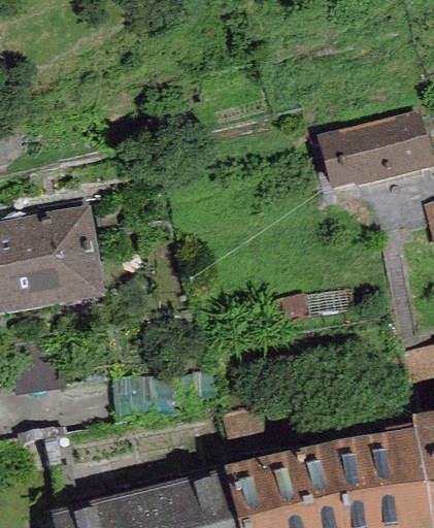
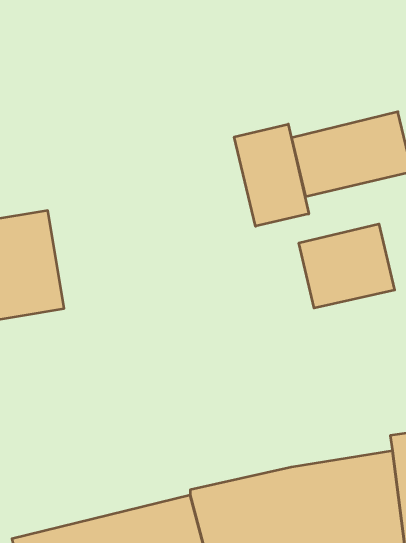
building: none -> [234,124,309,226]
building: none -> [299,224,395,308]

